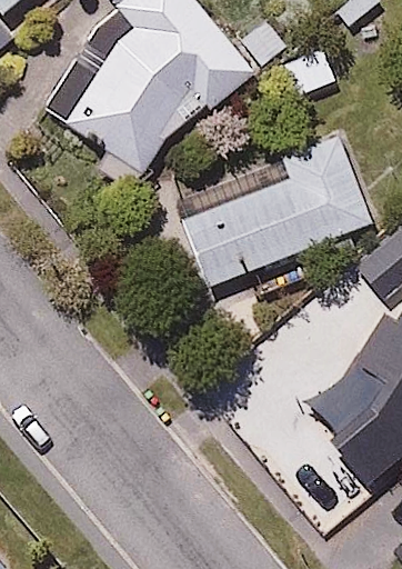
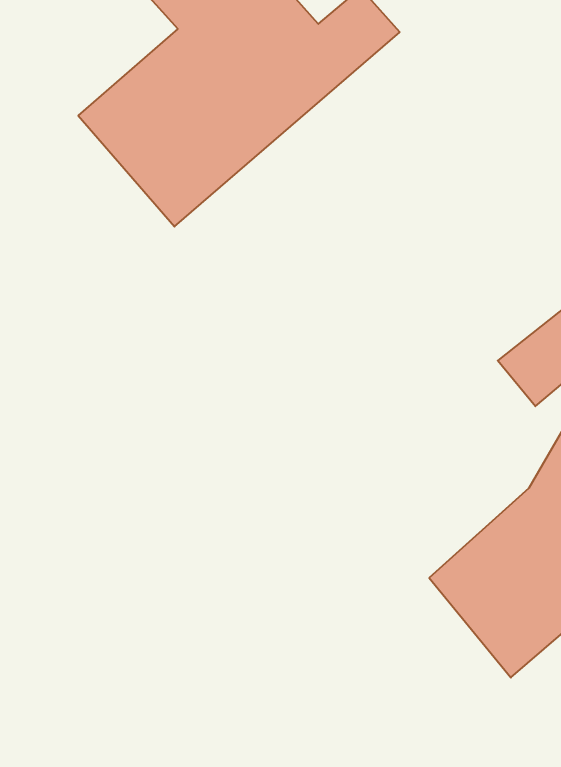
building: [173,128,372,286] -> none

